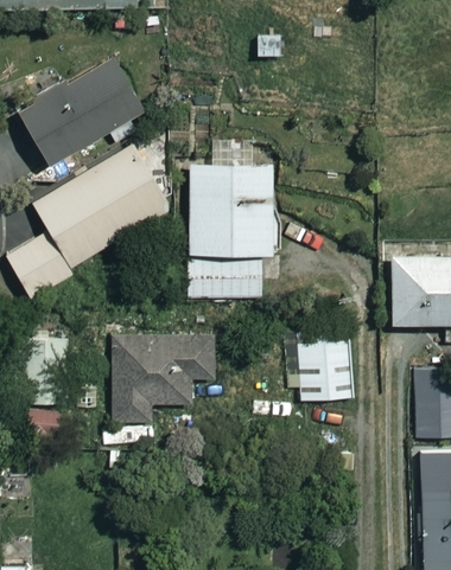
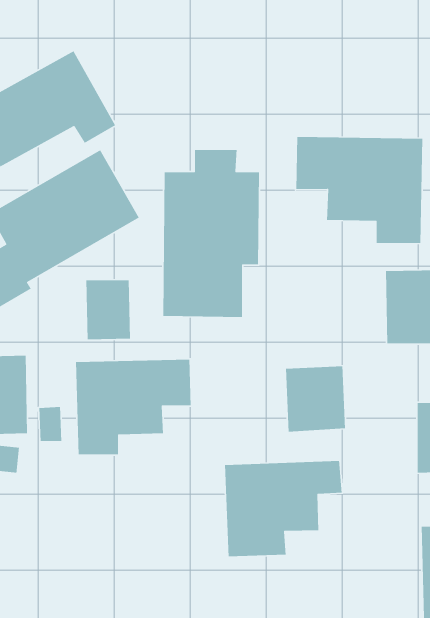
building: none -> [295,136,423,244]
building: none -> [85,279,131,340]
building: none -> [224,460,342,557]

